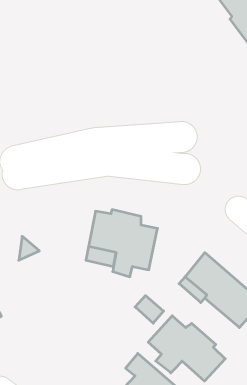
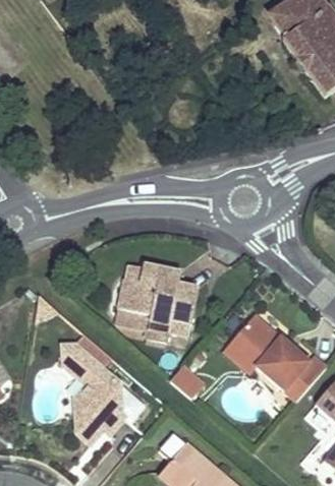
building: none -> [62,344,124,444]
building: [148,316,225,381] -> none

